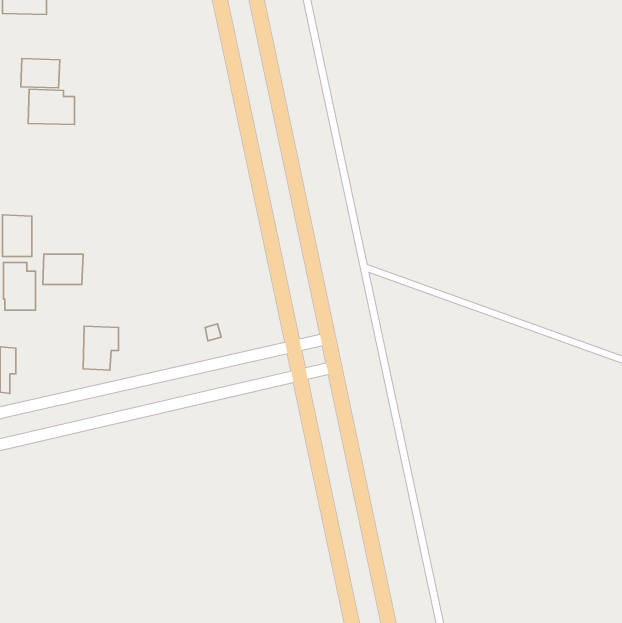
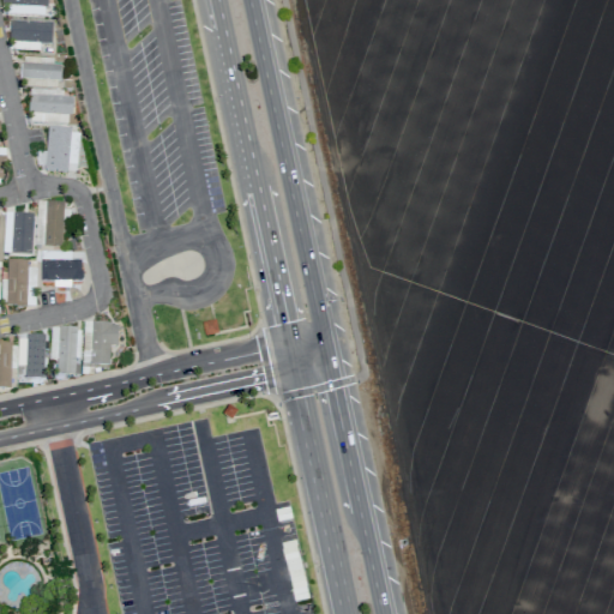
building: none -> [12,20,53,49]
building: none -> [47,127,80,170]
building: none -> [37,199,65,245]
building: none -> [52,325,79,372]
building: none -> [26,332,46,377]

